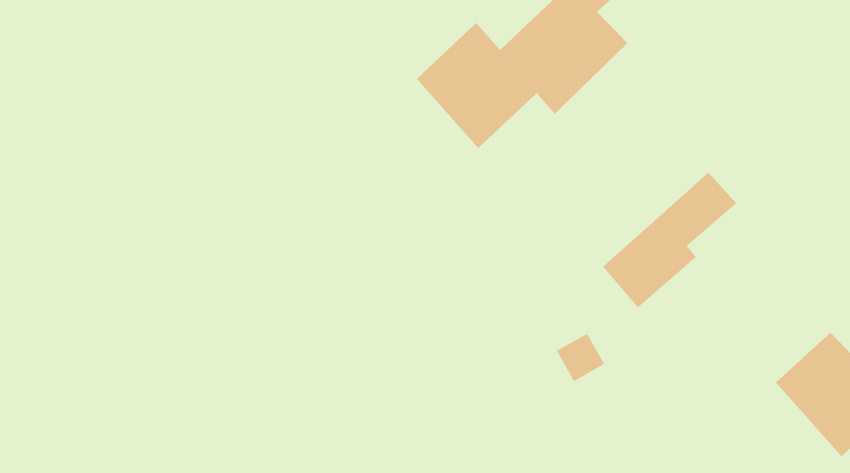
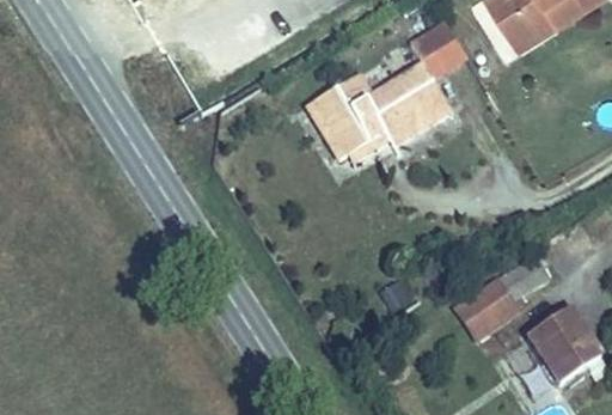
building: [602,172,737,308] -> [455,256,551,338]

